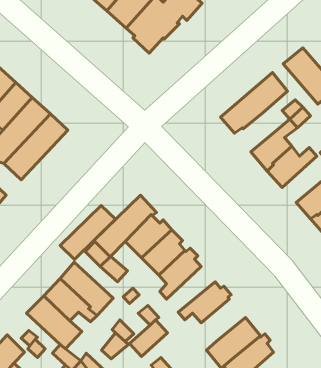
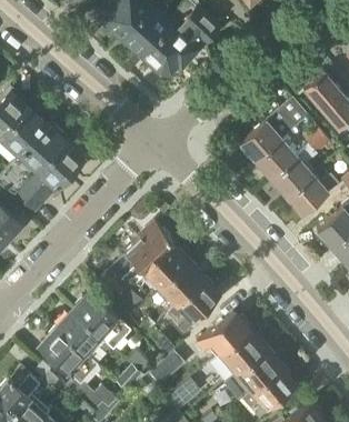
building: none -> [253,139,297,179]
building: [60,205,116,259] -> none
building: none -> [209,330,267,382]

